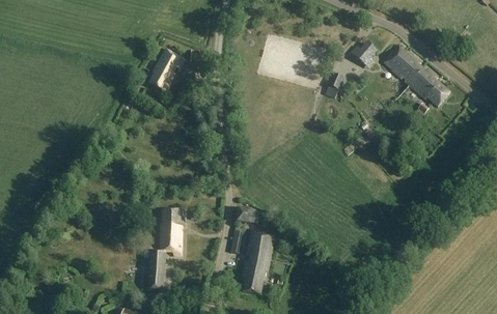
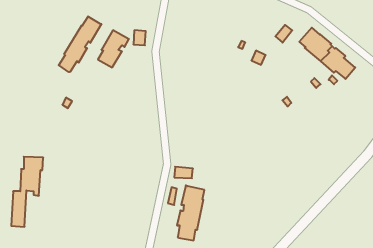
building: none -> [59,16,101,72]
building: [148,209,186,291] -> [11,157,43,227]

